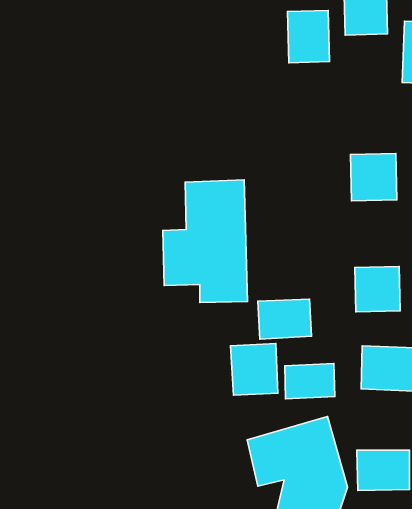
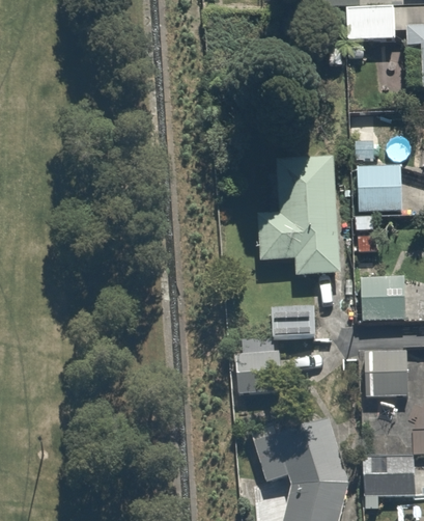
building: [288,11,329,63] -> none
building: [163,180,247,303] -> [261,165,344,285]
building: [285,364,335,399] -> none

